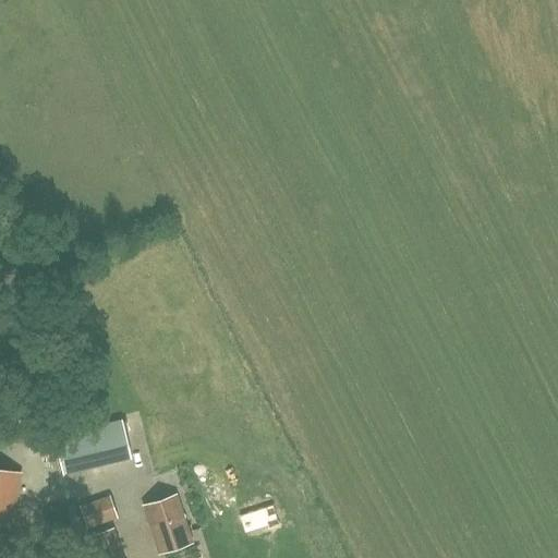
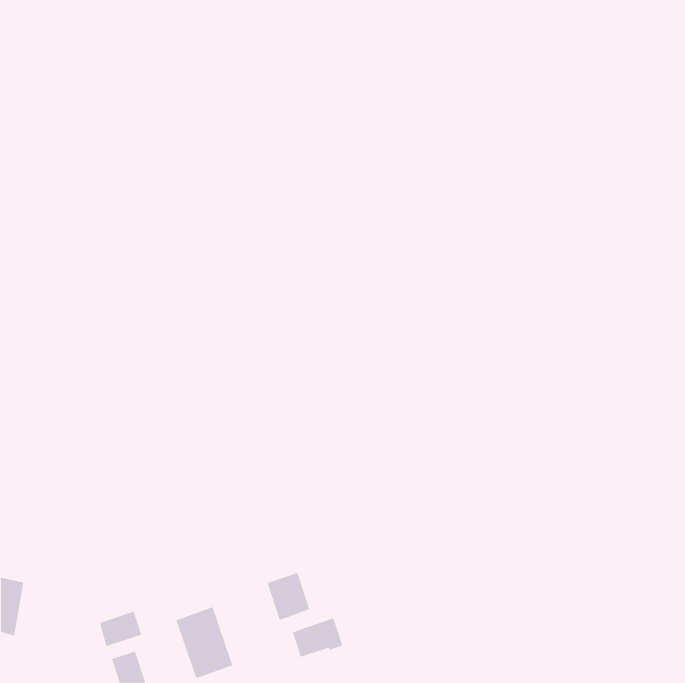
building: [54,422,130,474] -> none
building: none -> [267,572,310,621]

